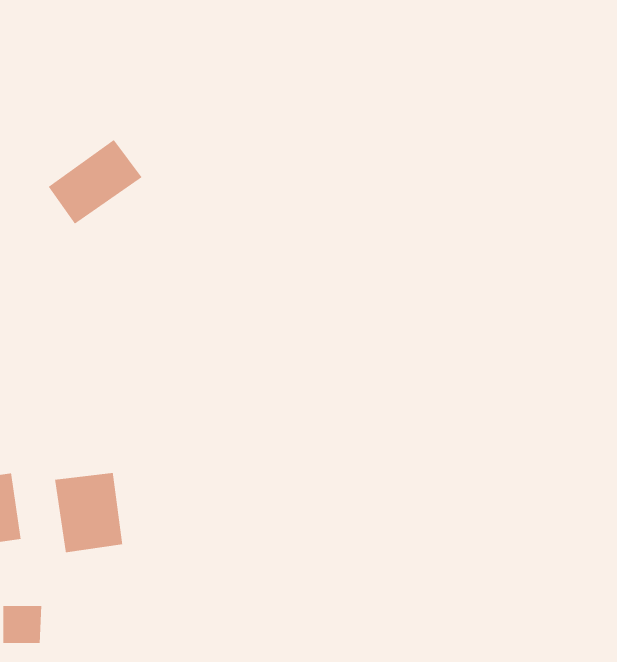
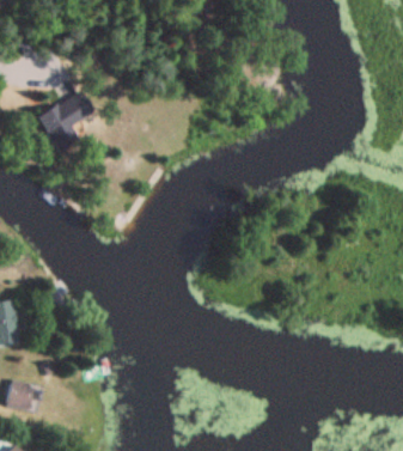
building: [55,472,123,553] -> none

